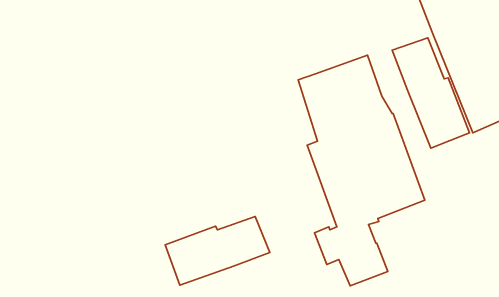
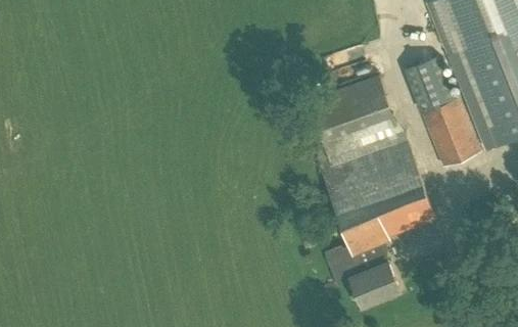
building: [165,216,270,285] -> none

